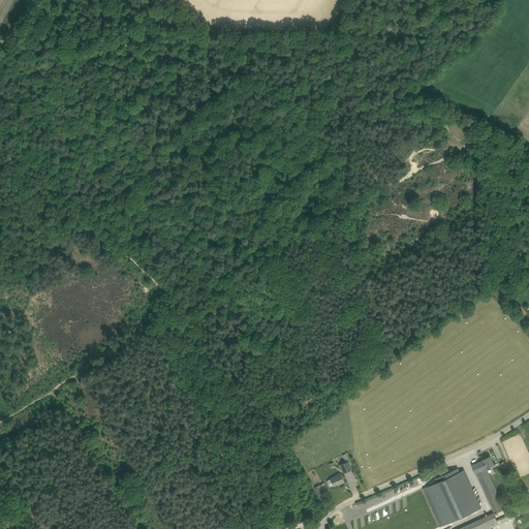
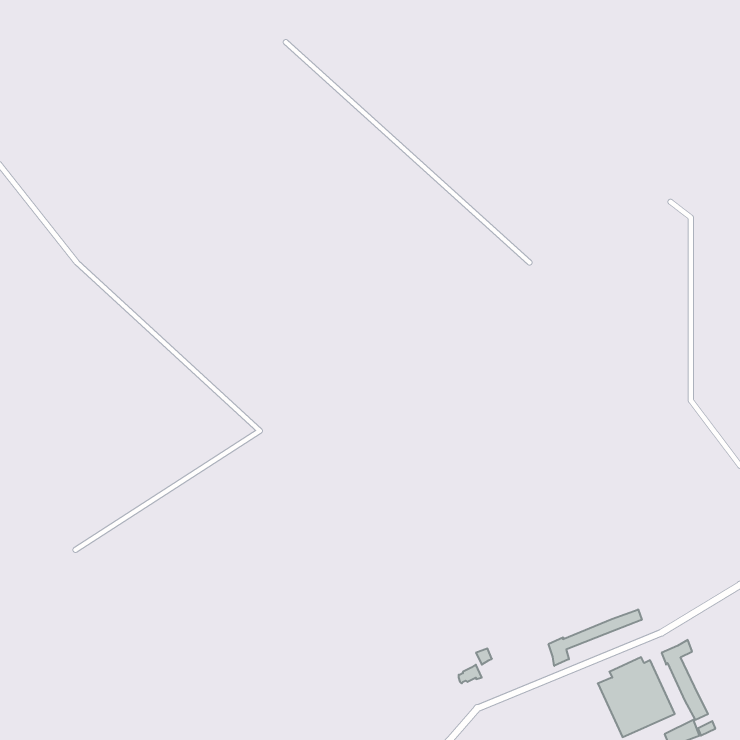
building: none -> [549,609,642,666]

